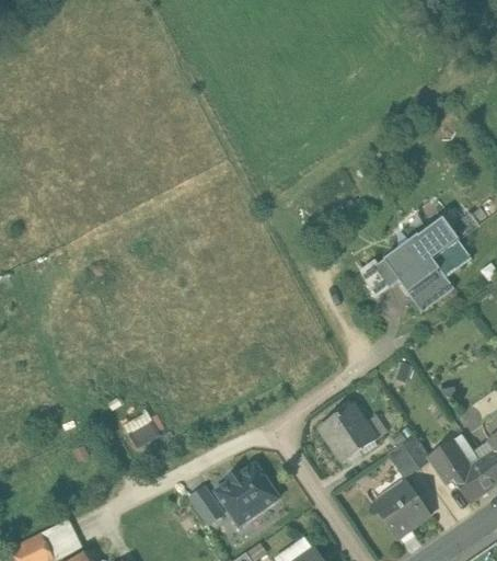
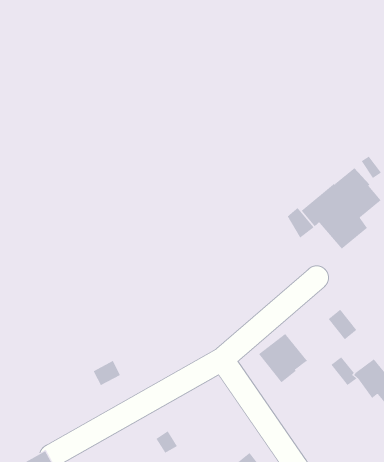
building: [385,442,418,478] -> [328,309,357,340]
building: [213,461,277,524] -> none
building: [374,482,429,536] -> none

